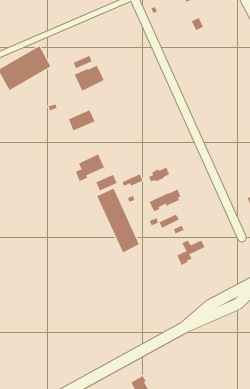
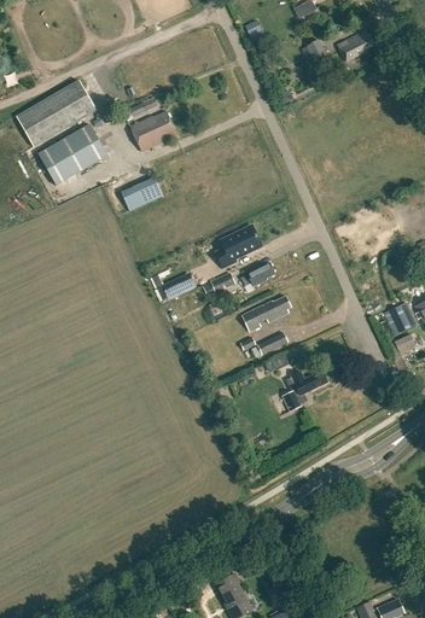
building: none -> [338,34,374,62]
building: none -> [37,124,107,185]
building: [75,154,105,182] -> [216,226,261,268]
building: [96,188,140,253] -> none

